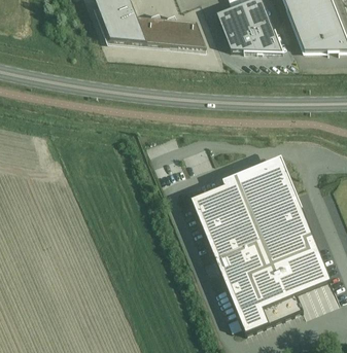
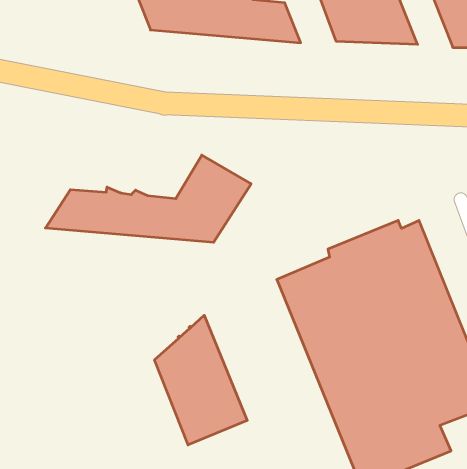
building: none -> [45,155,251,242]
building: none -> [155,315,247,445]

